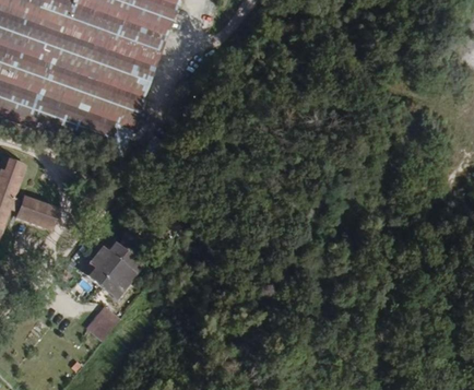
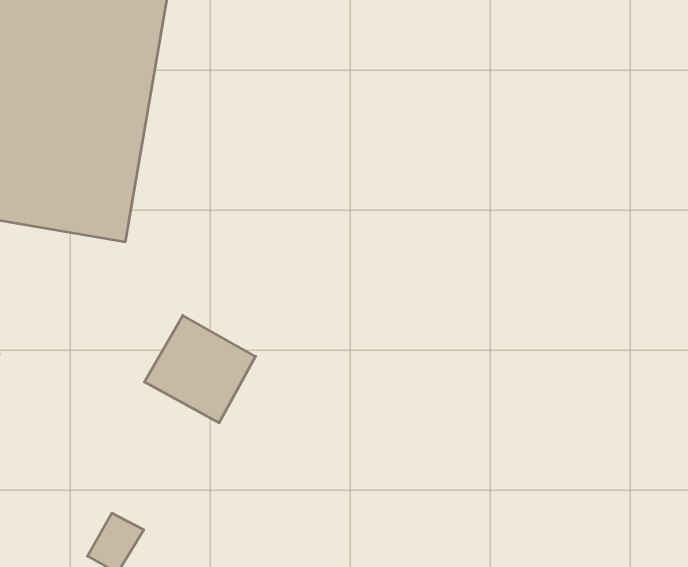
building: [73,226,138,289] -> [144,315,256,423]

